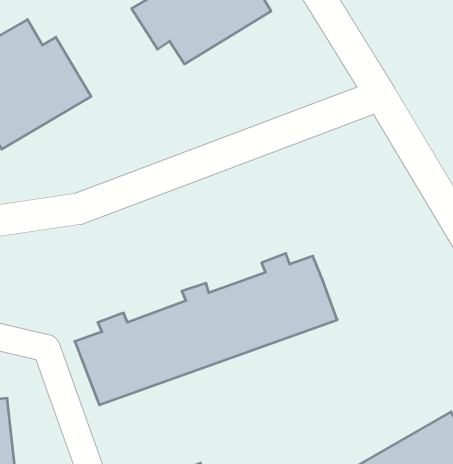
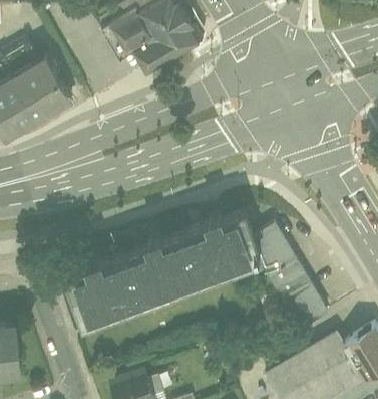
building: none -> [247,224,323,332]

